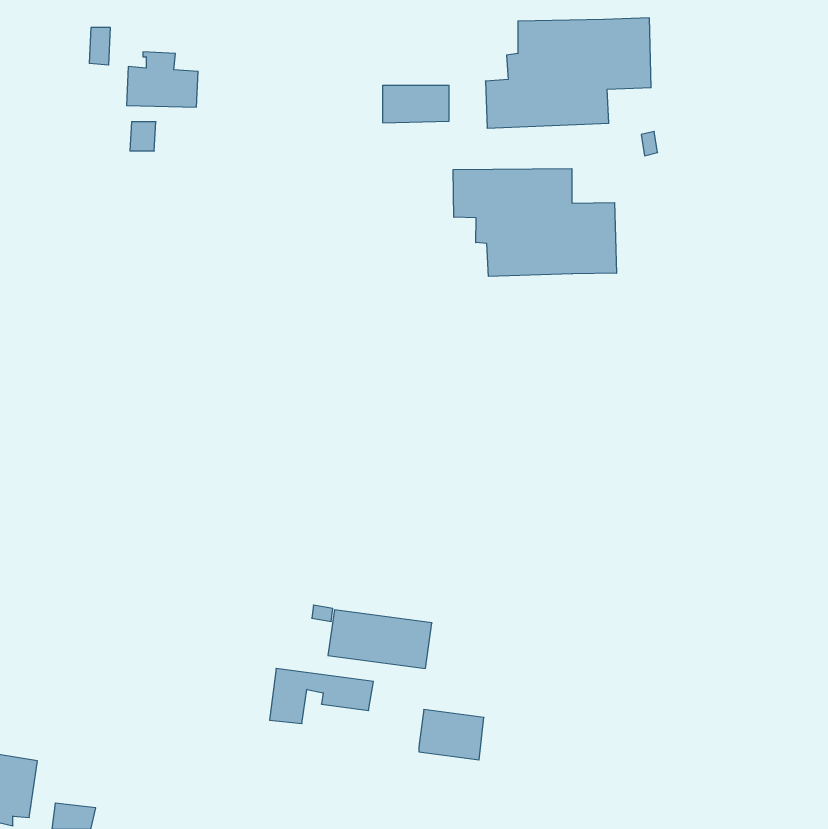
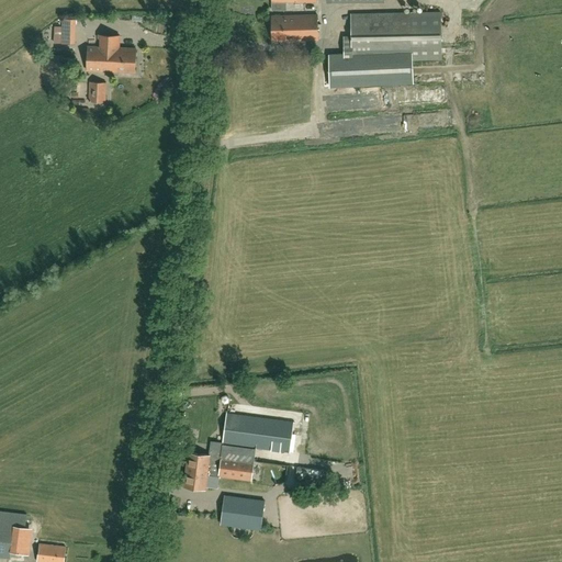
building: [383,85,449,123] -> [271,15,316,41]
building: [453,169,616,276] -> none
building: [419,710,484,760] -> [220,496,263,530]

